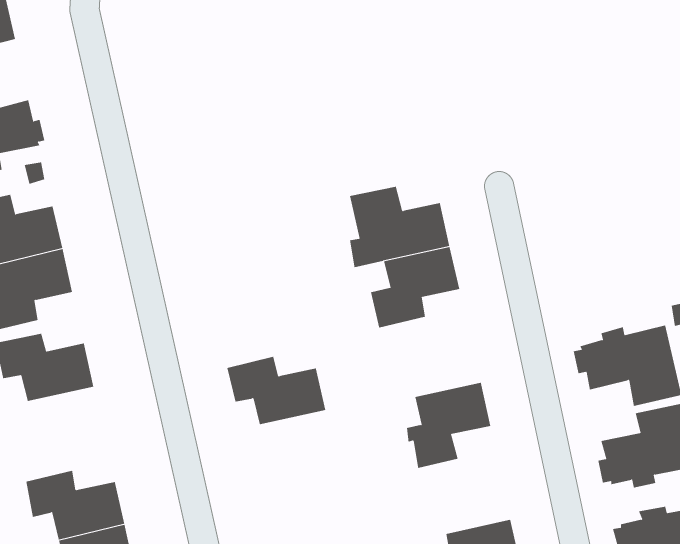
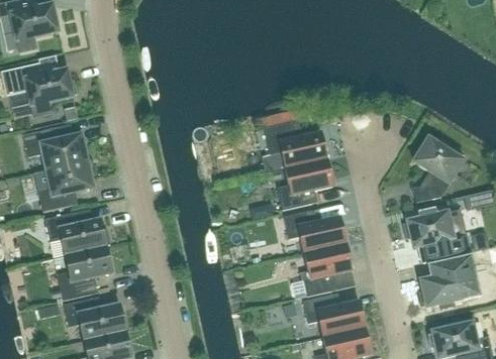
building: none -> [412,137,464,202]
building: [227,356,326,425] -> [284,210,345,252]
building: none -> [57,246,112,301]
building: none -> [302,294,364,337]

